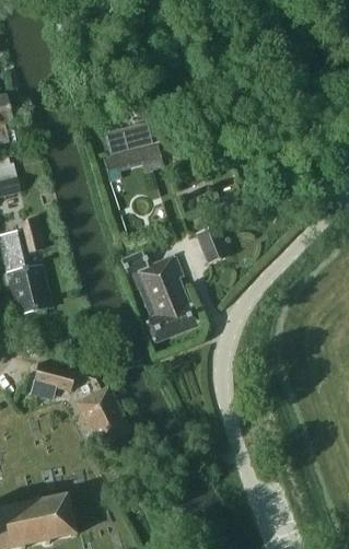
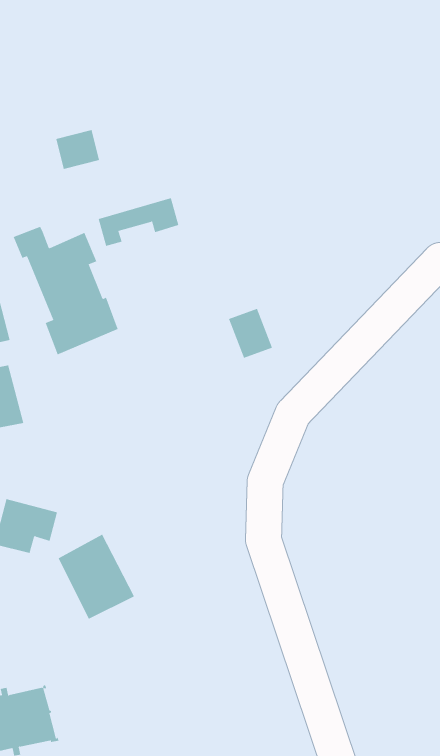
building: [120,120,152,149] -> [55,130,100,170]
building: [121,250,197,342] -> [13,226,119,355]

